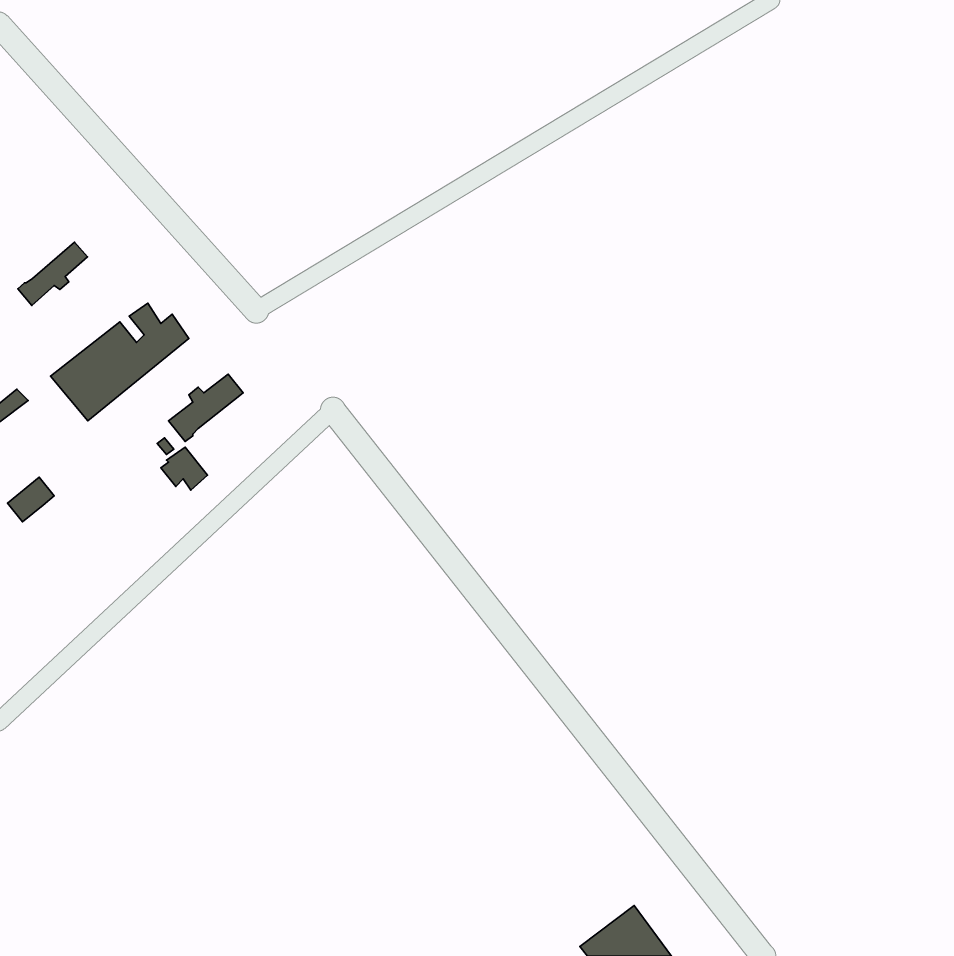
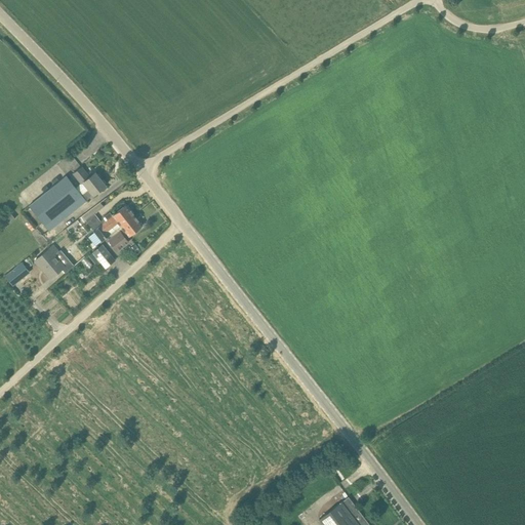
building: [18,242,87,305] -> none
building: none -> [106,215,142,252]
building: none -> [35,245,73,278]

